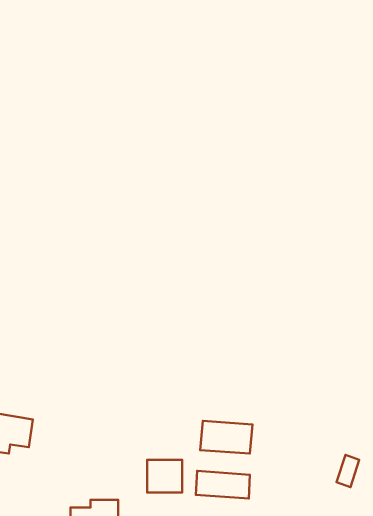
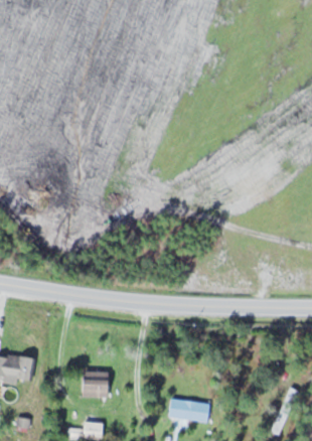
building: [200,421,252,454] -> none
building: [147,460,182,493] -> [83,371,111,397]

